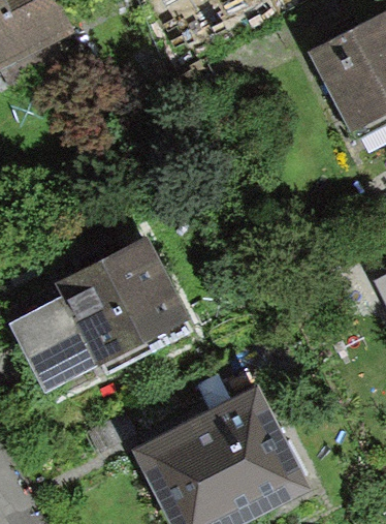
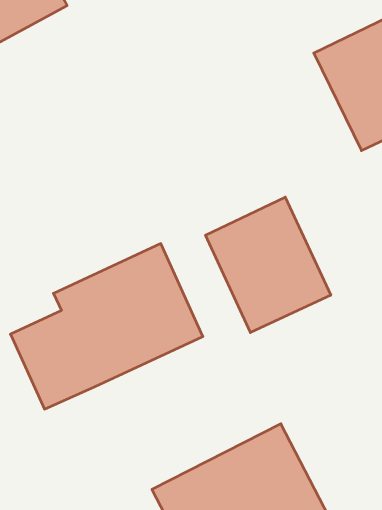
building: none -> [206,197,331,333]

